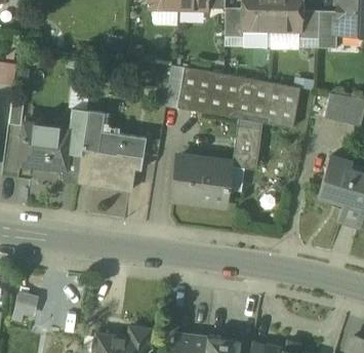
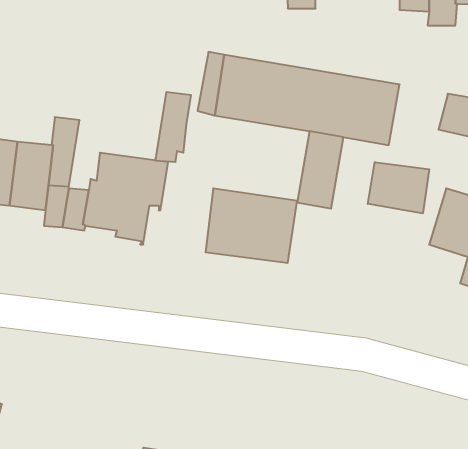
building: [80,111,104,157] -> [155,92,191,162]
building: none -> [368,162,429,213]

